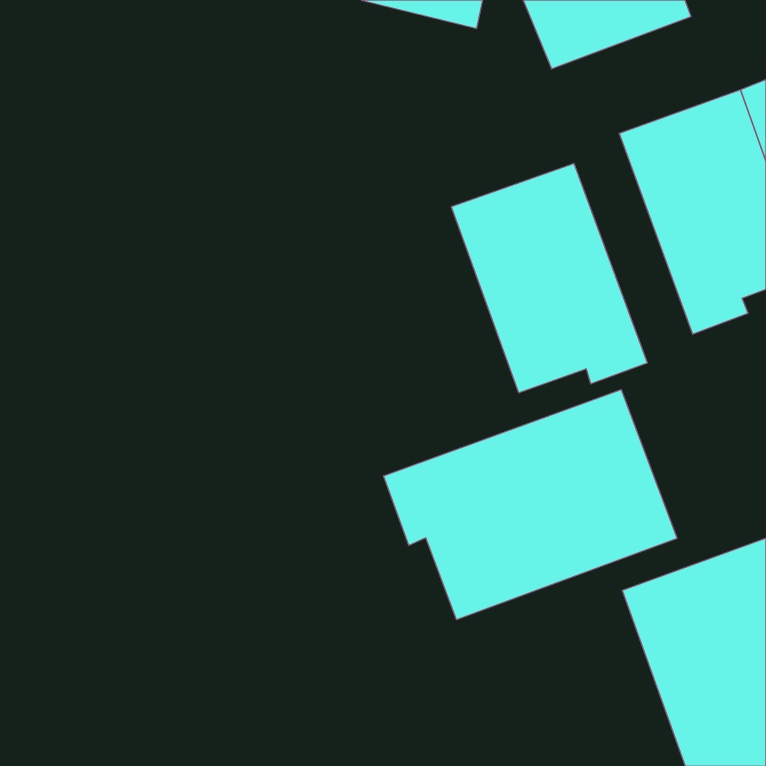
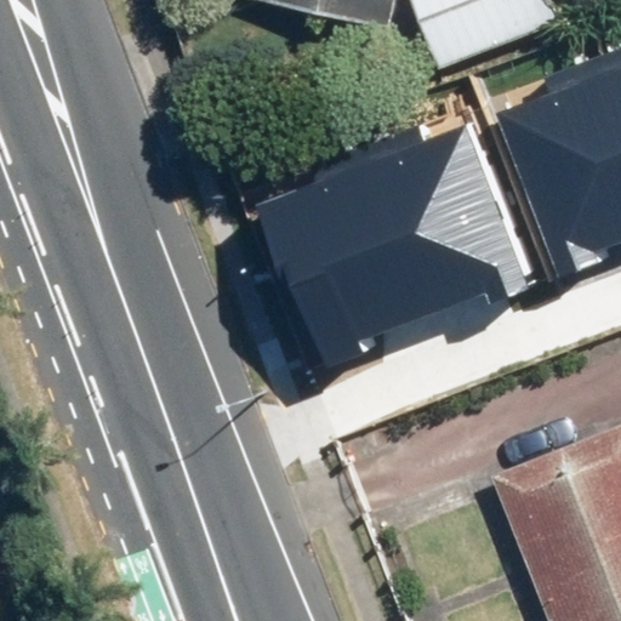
building: none -> [267,167,420,365]
building: [384,390,677,620] -> none

